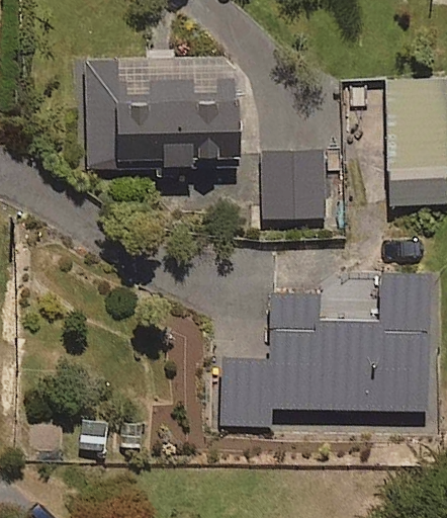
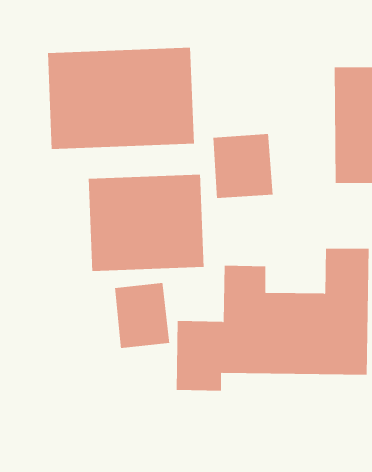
building: none -> [88,174,204,272]
building: none -> [114,282,170,349]

